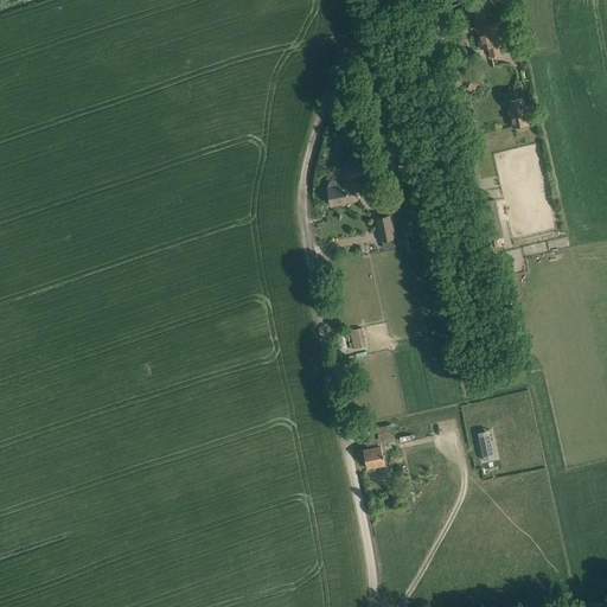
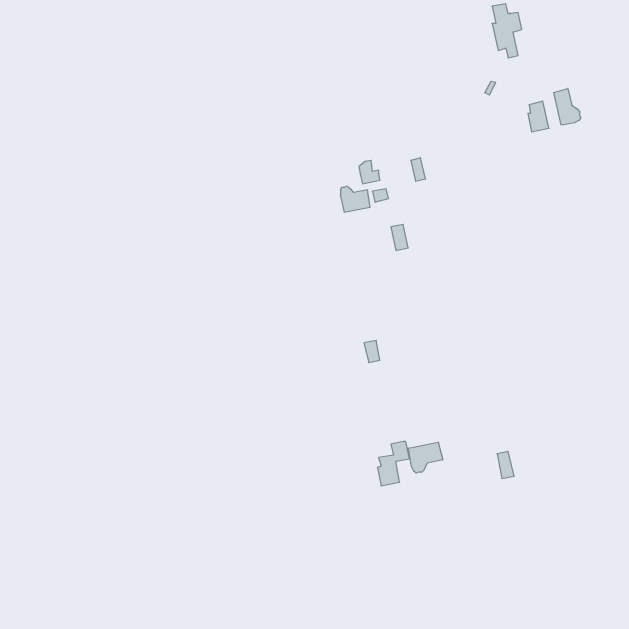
building: none -> [554,88,581,125]
building: none -> [408,442,443,473]

